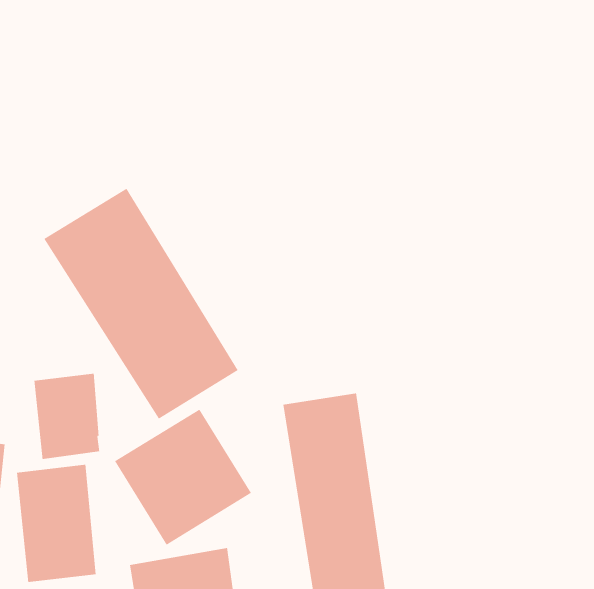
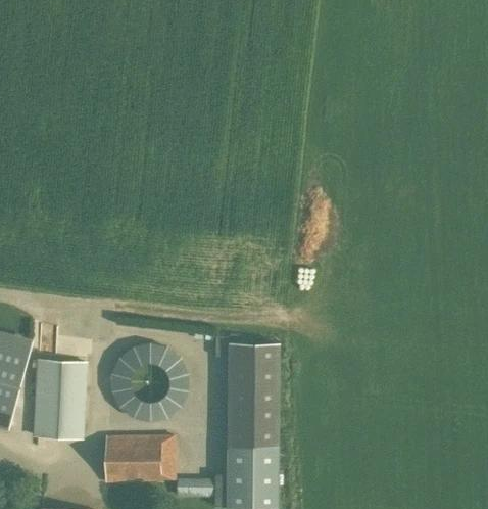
building: [44,188,238,419] -> none
building: [34,373,100,460] -> none

